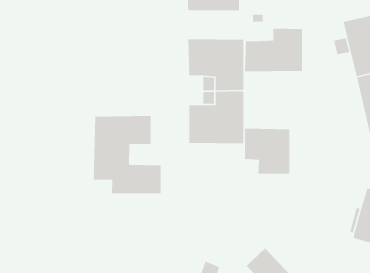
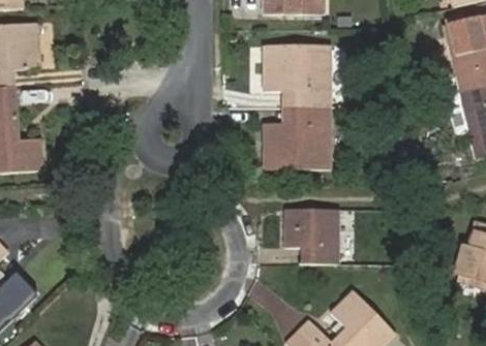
building: [244,28,303,72] -> none
building: [93,115,161,194] -> none
building: [244,128,290,175] -> [284,209,338,263]

